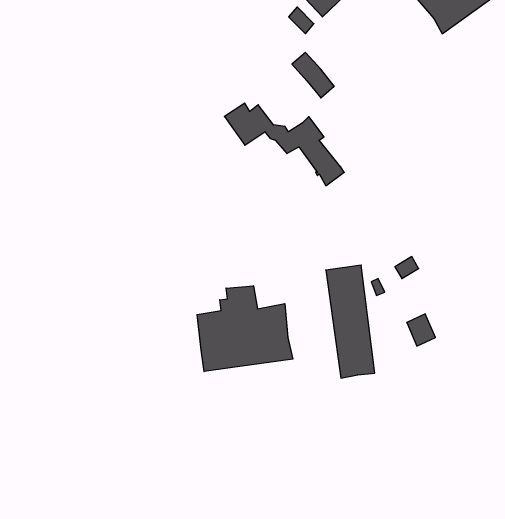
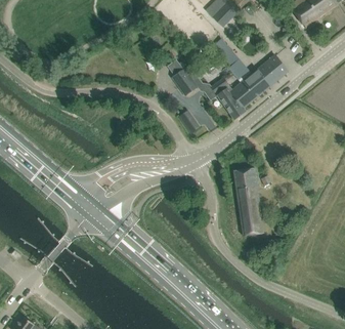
building: none -> [229,54,287,108]
building: [197,286,293,372] -> none

